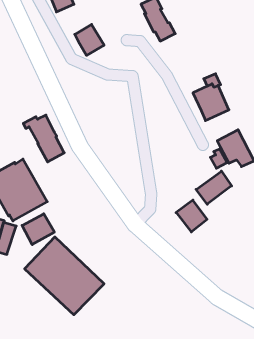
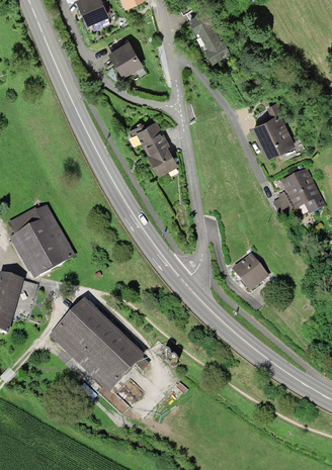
building: [23,115,64,162] -> [129,119,178,176]
building: [196,171,232,204] -> none
building: [22,214,54,245] -> none

